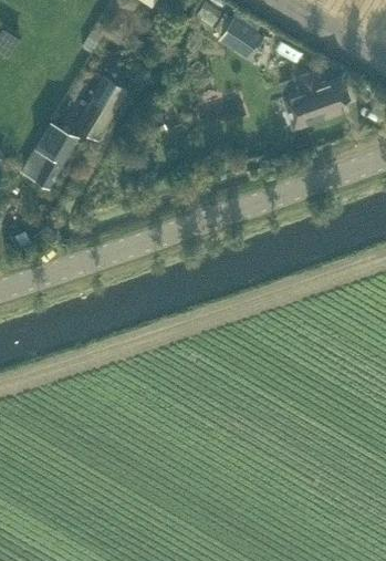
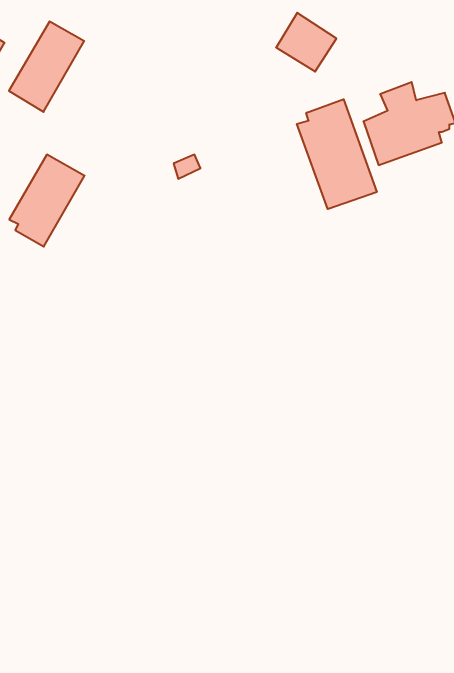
building: [73,76,128,143] -> [9,21,84,112]
building: none -> [297,99,377,209]

